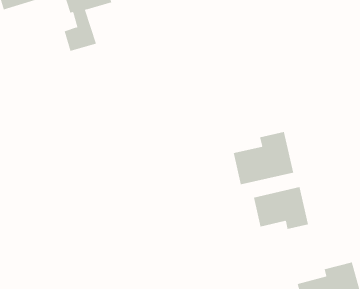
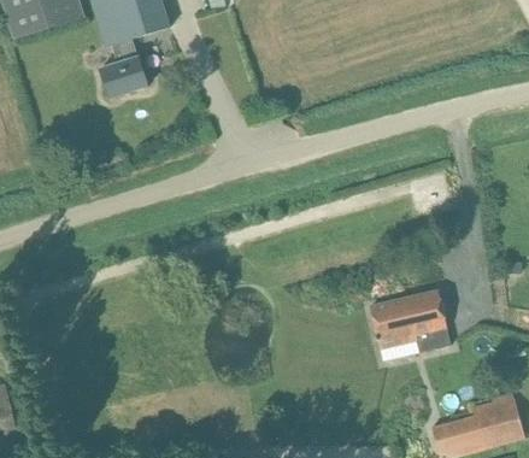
building: [233,131,294,185] -> none

